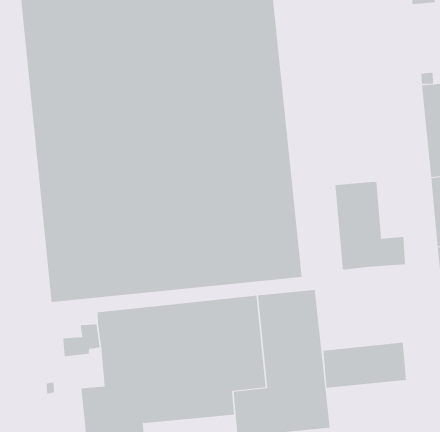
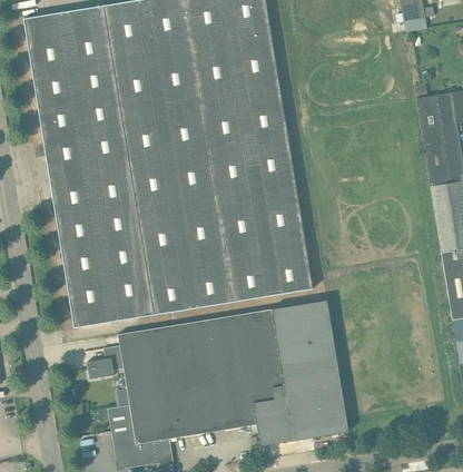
building: [335,181,405,270] -> none
building: [323,342,406,388] -> none

